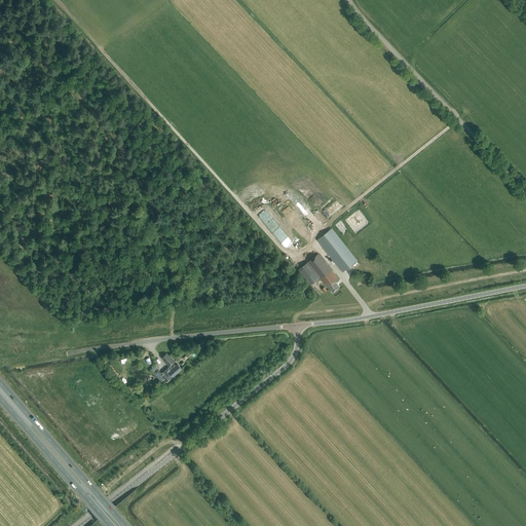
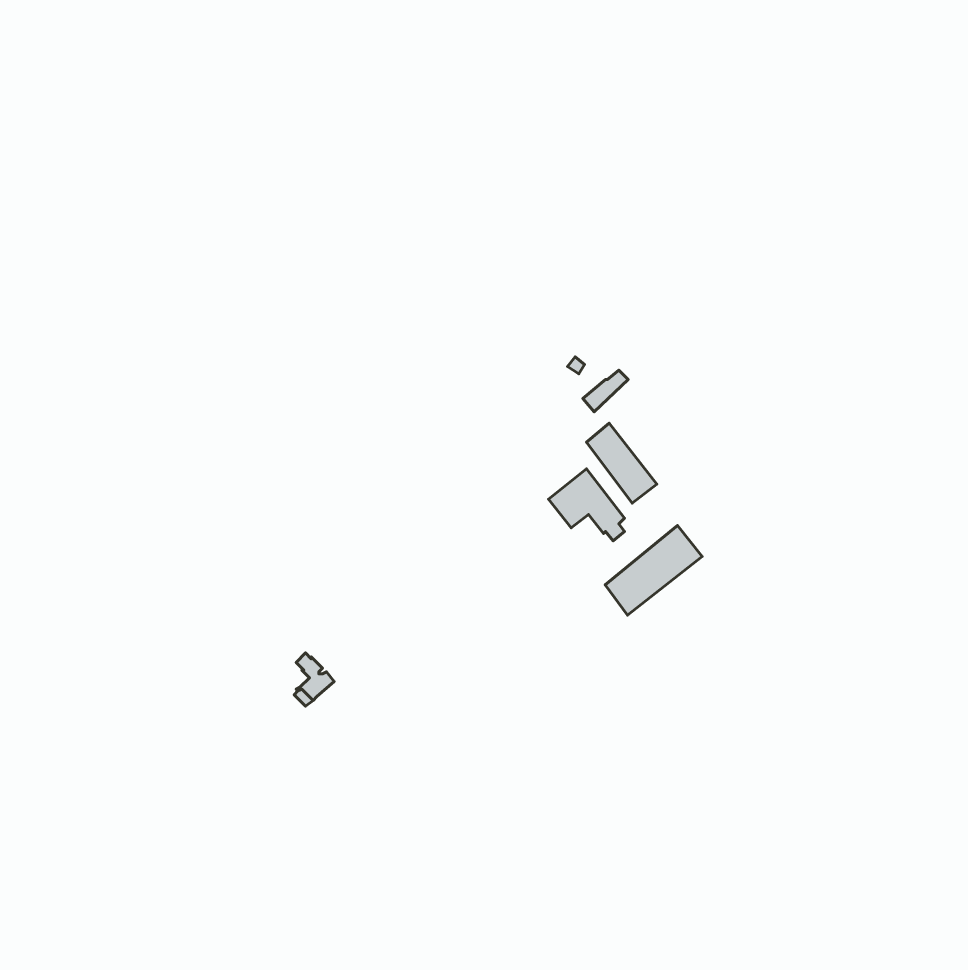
building: none -> [605,525,702,615]

